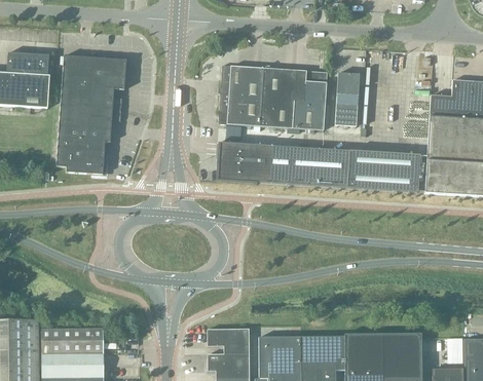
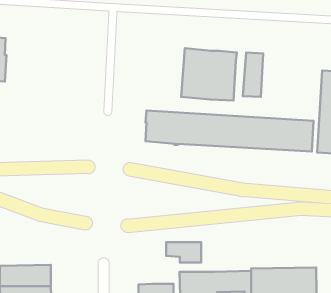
building: [55,54,126,174] -> none
building: [218,65,264,125] -> none
building: [209,326,251,350] -> [166,242,201,263]

